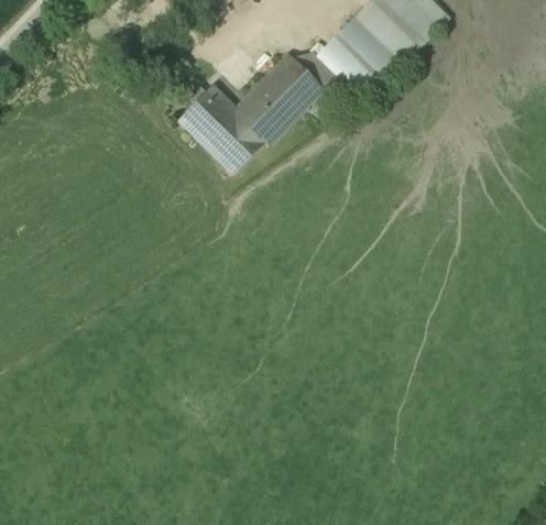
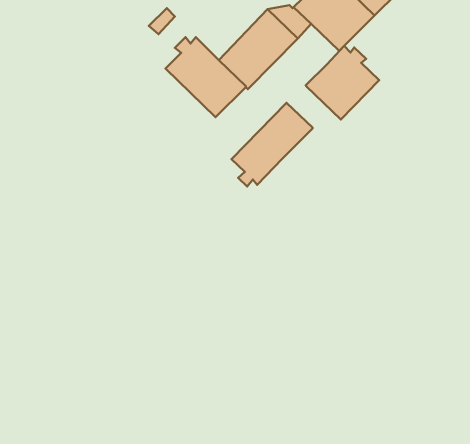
building: none -> [306,46,379,120]
building: none -> [232,103,313,186]

